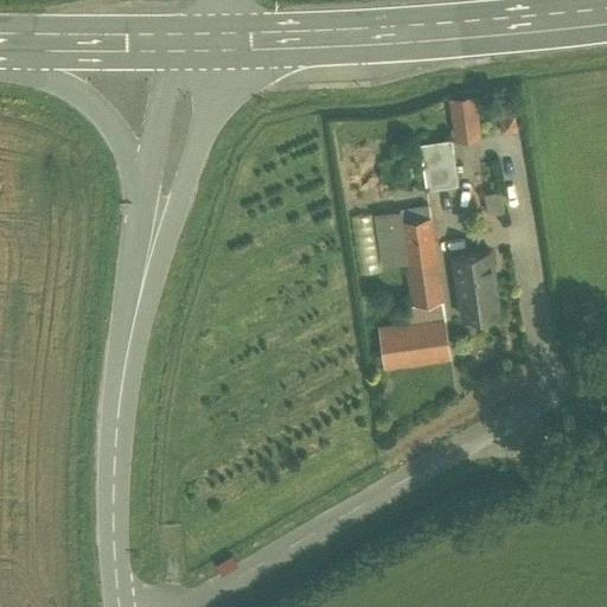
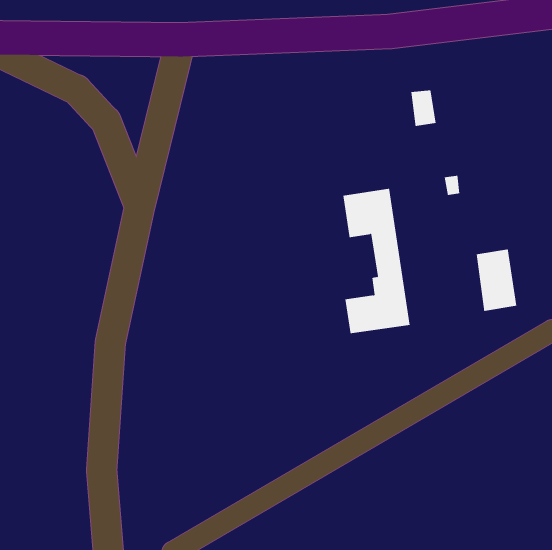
building: [420,141,458,192] -> none
building: [454,253,499,321] -> [476,249,517,311]

